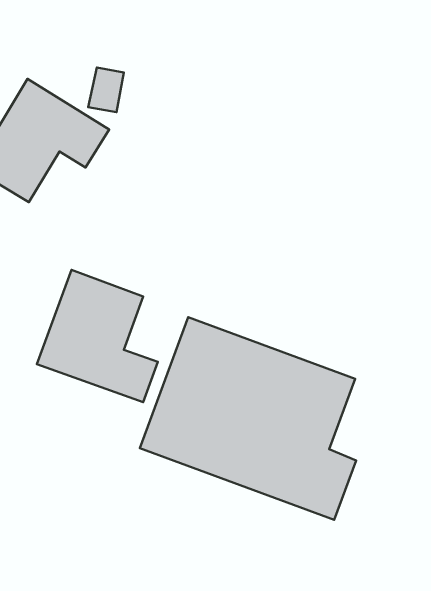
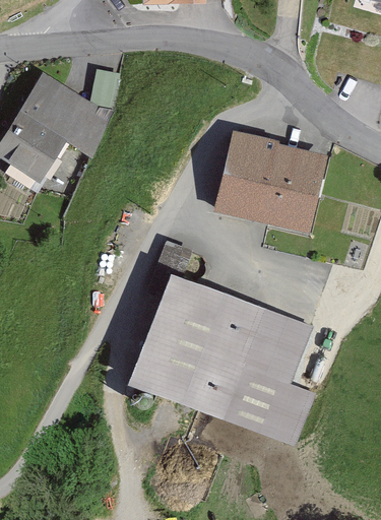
building: none -> [216,135,324,230]
building: [37,270,158,402] -> none

